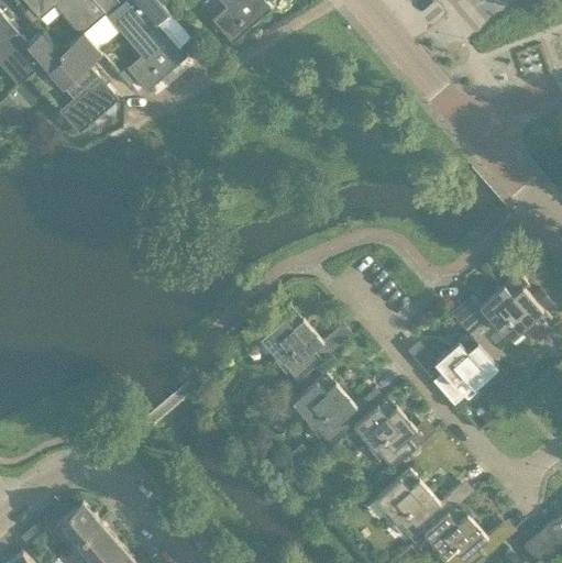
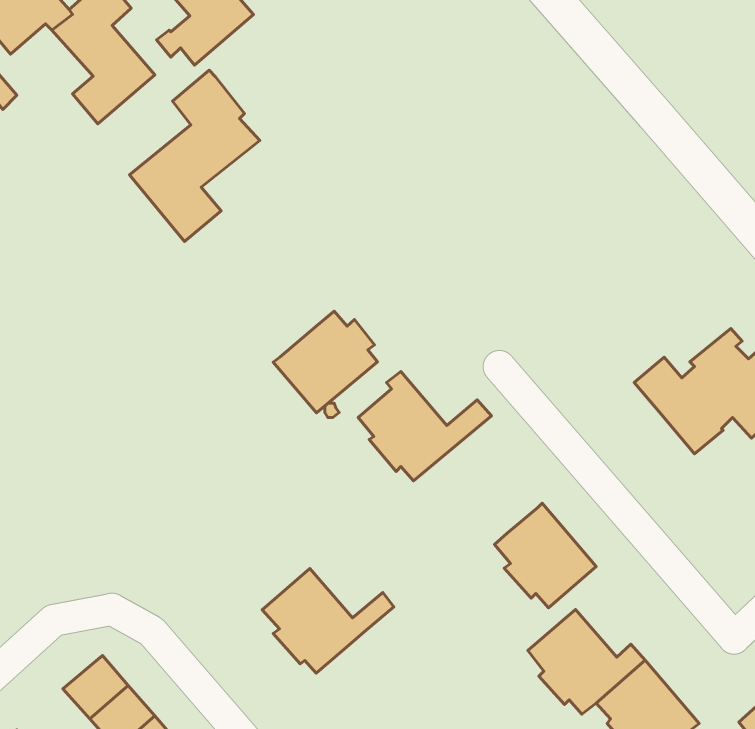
building: none -> [129,70,260,242]
building: none -> [273,311,377,413]
building: [415,333,494,400] -> none
building: [291,372,383,444] -> [262,569,394,673]

